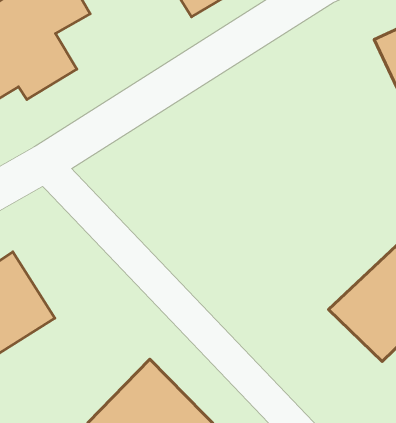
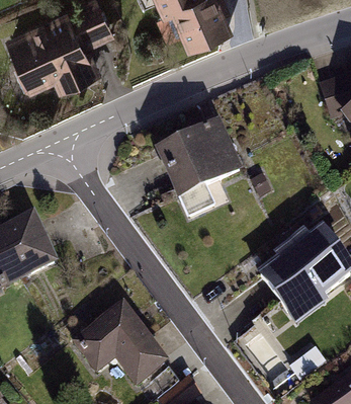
building: none -> [154,123,242,205]

